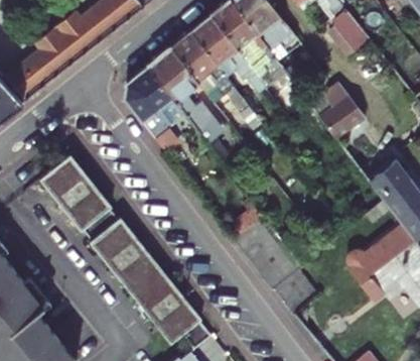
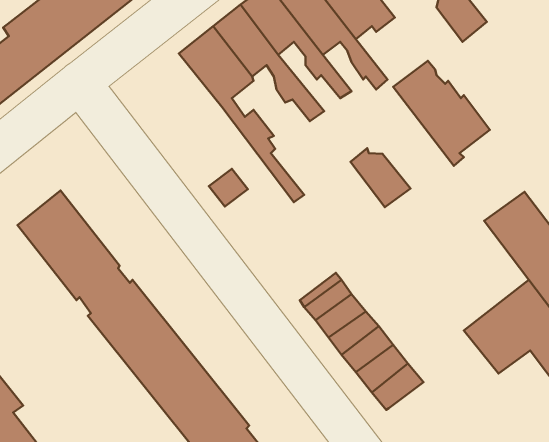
building: [126,63,181,138] -> none
building: none -> [350,148,410,207]

